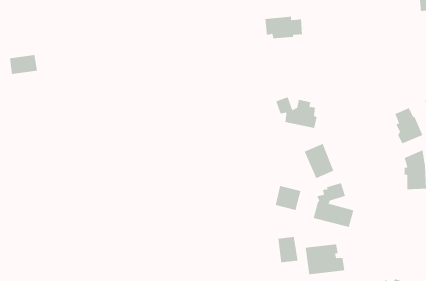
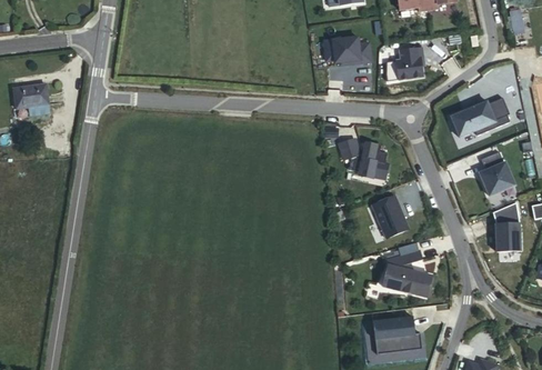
building: none -> [397,48,424,80]
building: none -> [452,96,511,134]
building: [275,185,301,211] -> none
building: [278,236,298,263] -> none

